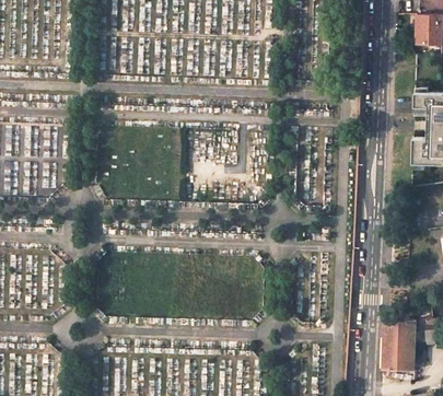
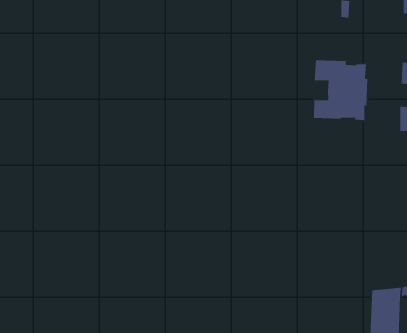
building: none -> [313,60,368,121]

